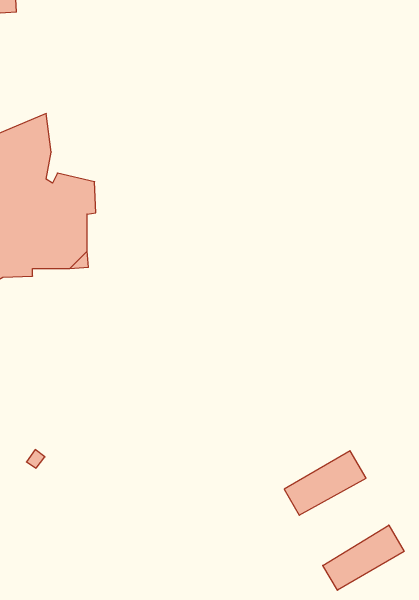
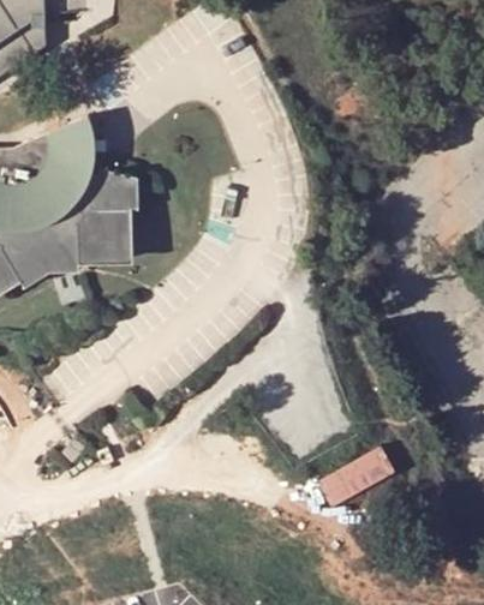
building: [323,525,404,590] -> none

